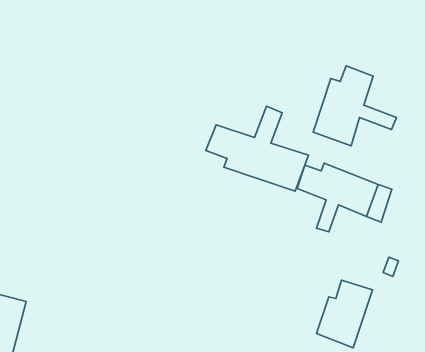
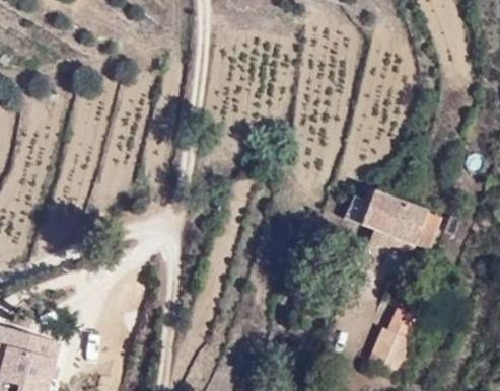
building: [313,66,397,146] -> none
building: [206,106,308,191] -> none

